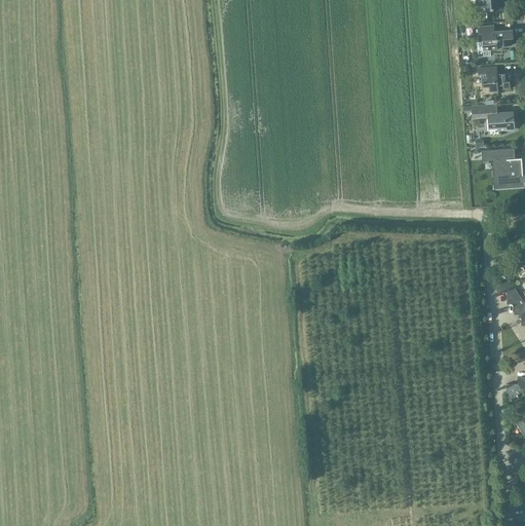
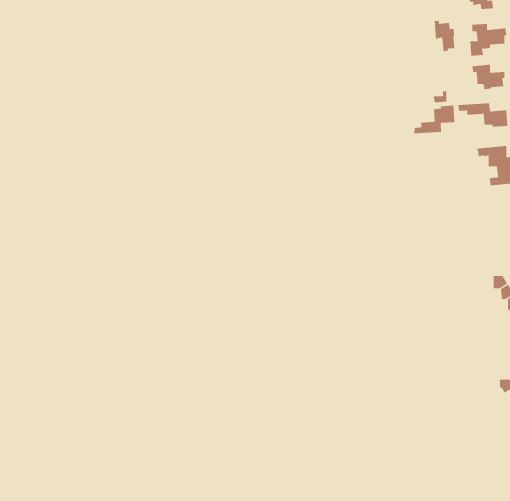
building: none -> [434,20,455,52]
building: none -> [414,105,455,134]

